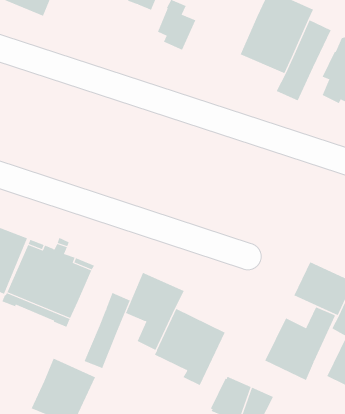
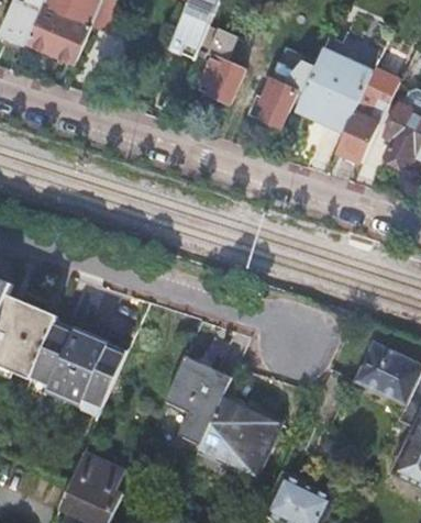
building: none -> [250,58,313,125]
building: [84,292,130,369] -> none
building: [264,306,336,381] -> none

